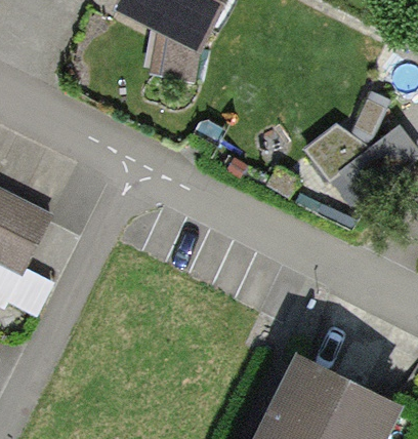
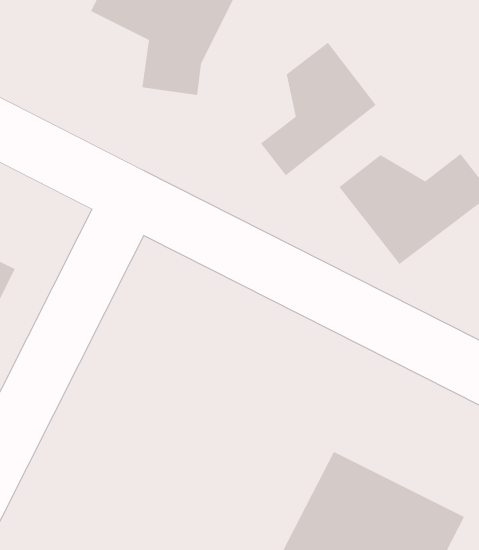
building: none -> [260,42,376,176]

